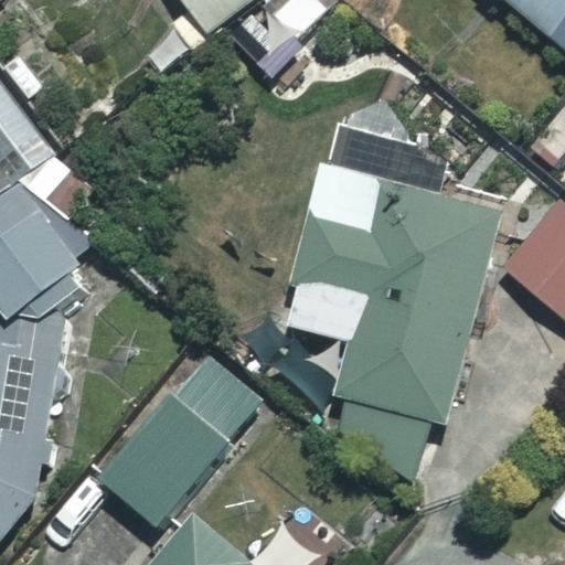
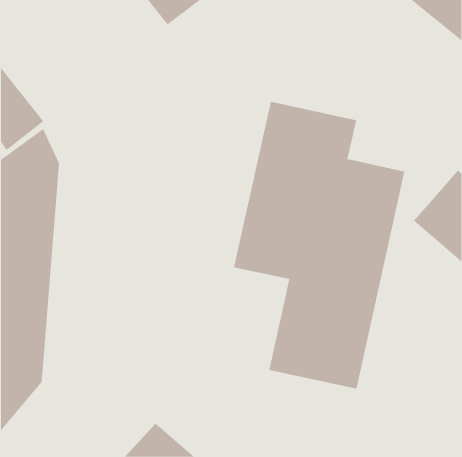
building: [93,351,262,523] -> none

